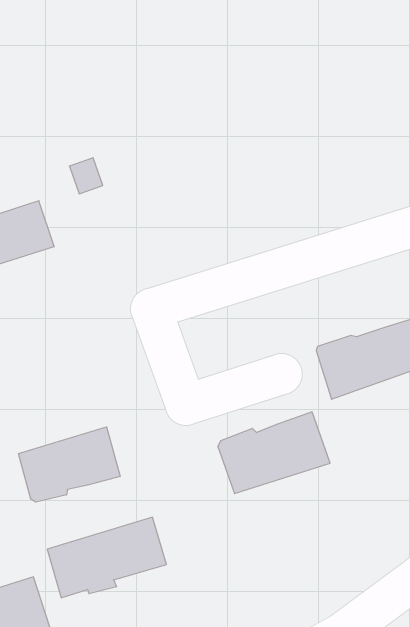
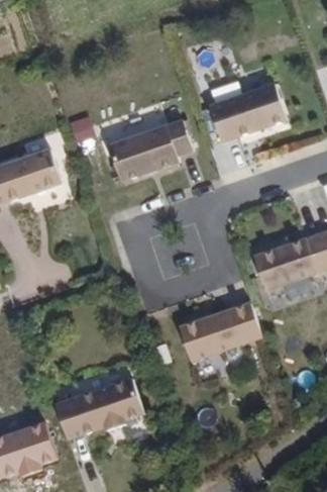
building: none -> [206,85,284,142]
building: none -> [105,121,189,182]
building: [19,427,120,502] -> none

